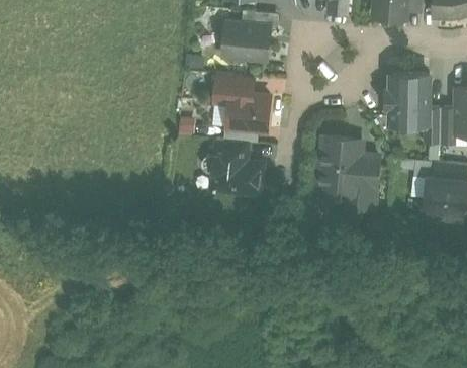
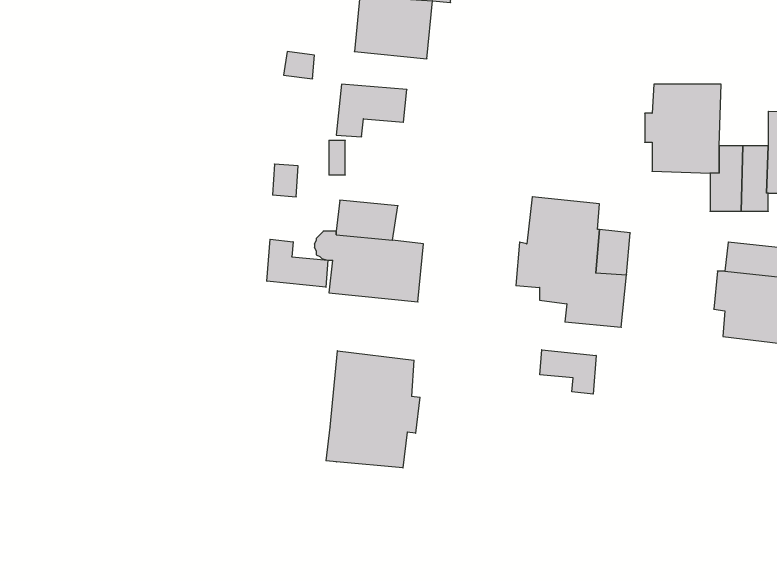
building: [226,92,270,129] -> none
building: none -> [267,239,328,287]
building: none -> [540,350,596,394]
building: none -> [326,351,420,468]

